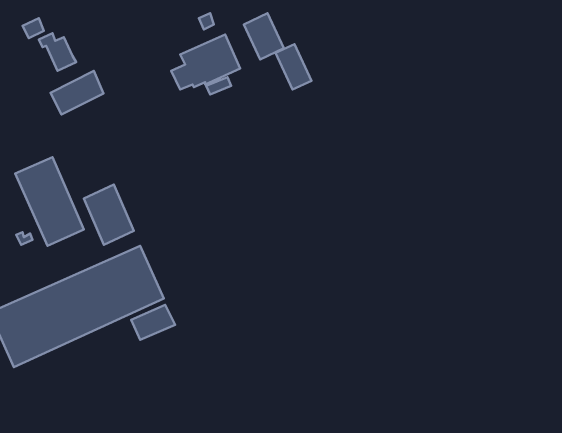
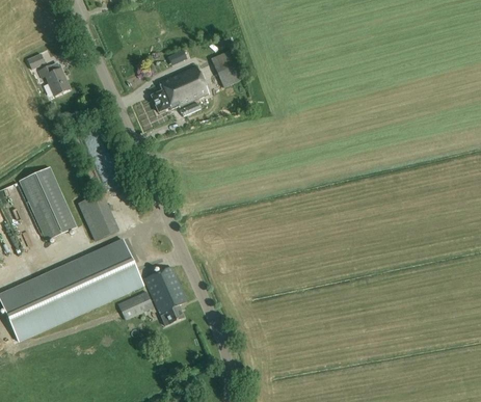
building: [275,44,311,90] -> none
building: [51,71,104,115] -> none
building: none -> [144,266,188,326]

